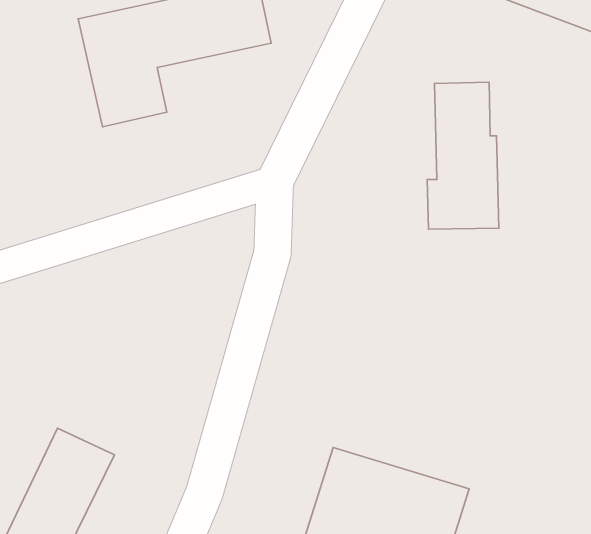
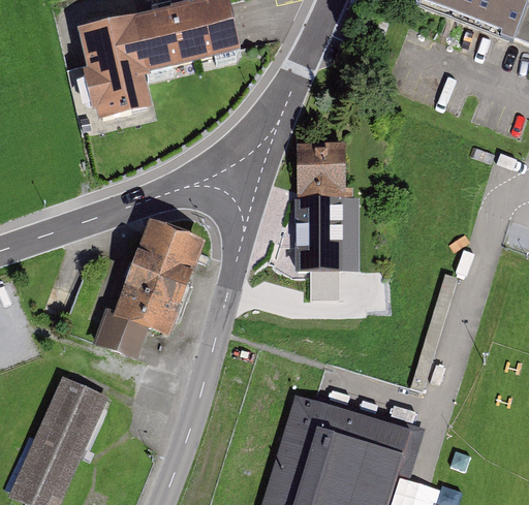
building: [427,82,499,229] -> [291,141,352,266]
building: none -> [93,220,208,358]

